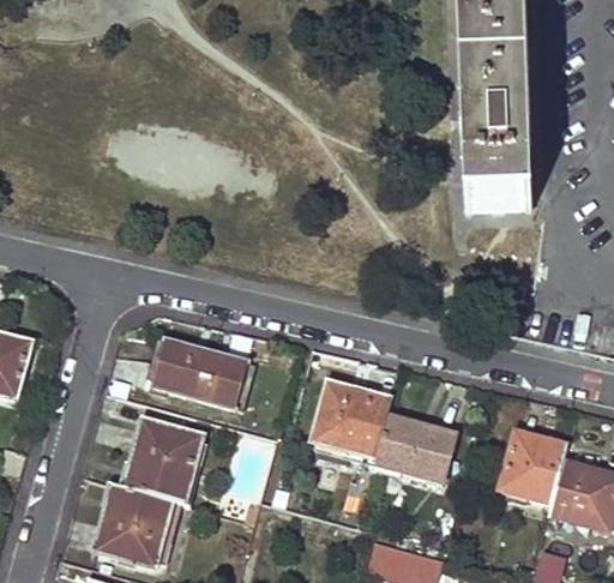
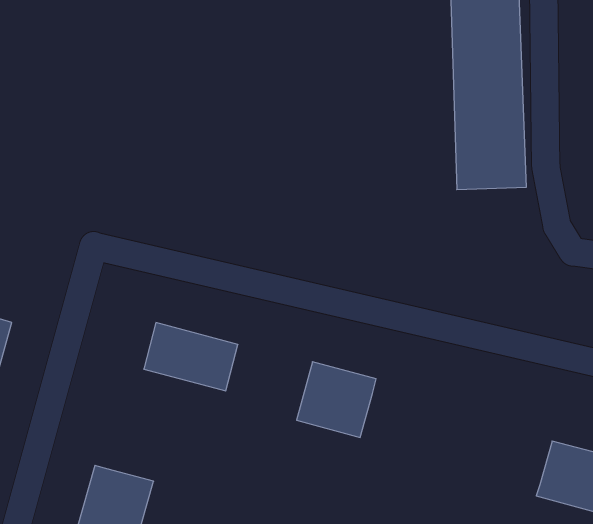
building: [371,413,451,480] -> none
building: [125,422,199,503] -> none
building: [496,432,564,503] -> none

